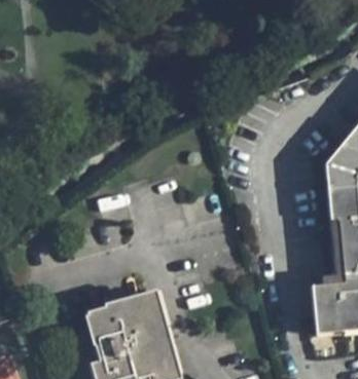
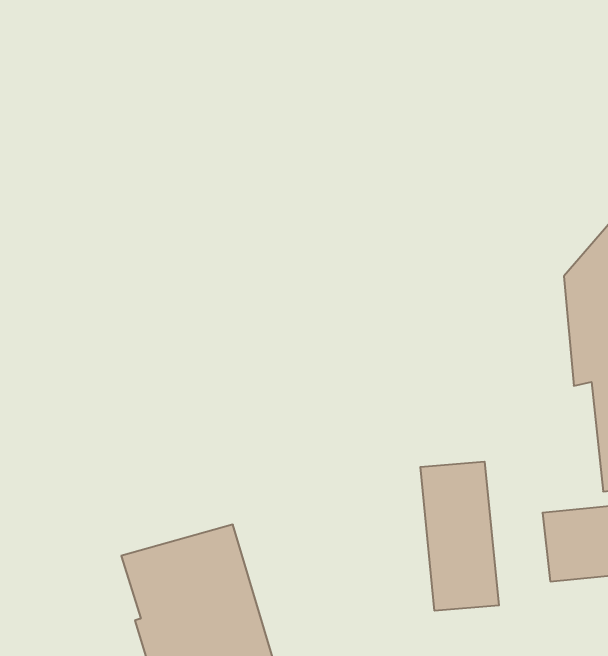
building: none -> [420,462,499,611]

